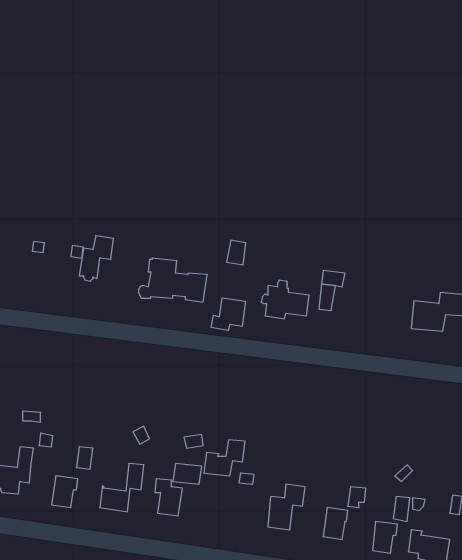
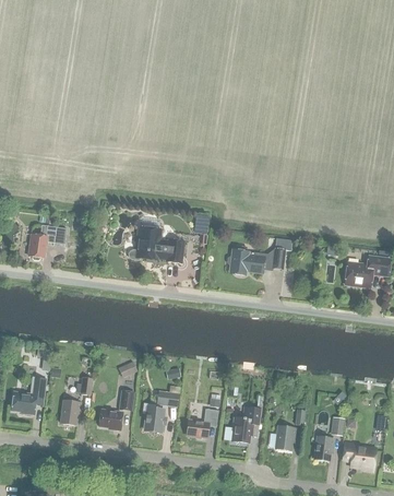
building: [79,236,114,281] -> [28,224,56,260]
building: [211,298,245,331] -> none
building: [204,440,245,476] -> [186,409,218,437]

